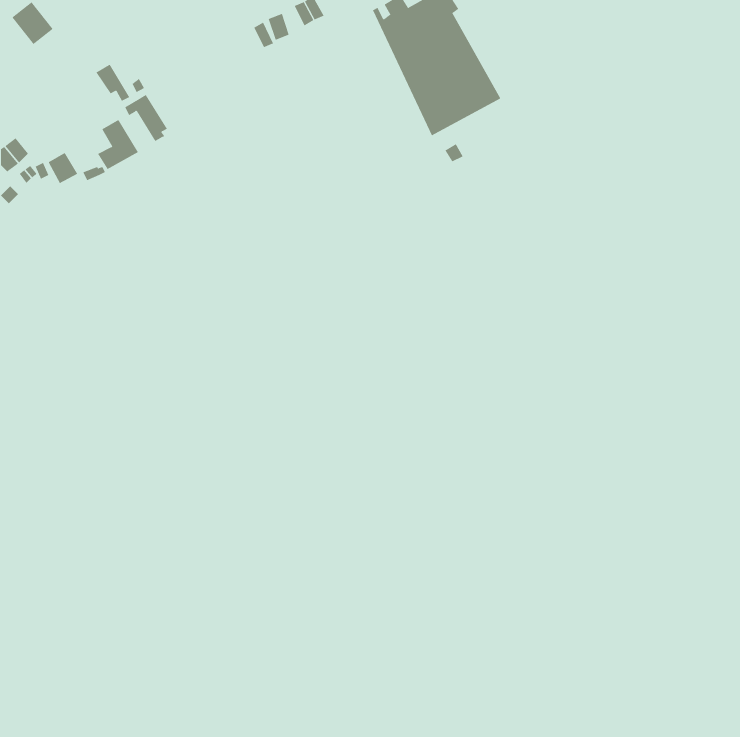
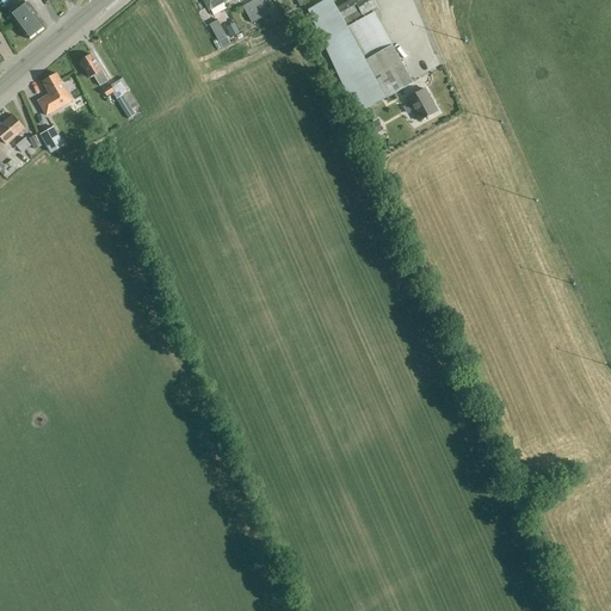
building: none -> [407,87,437,119]
building: [97,119,139,170] -> [38,72,73,113]

